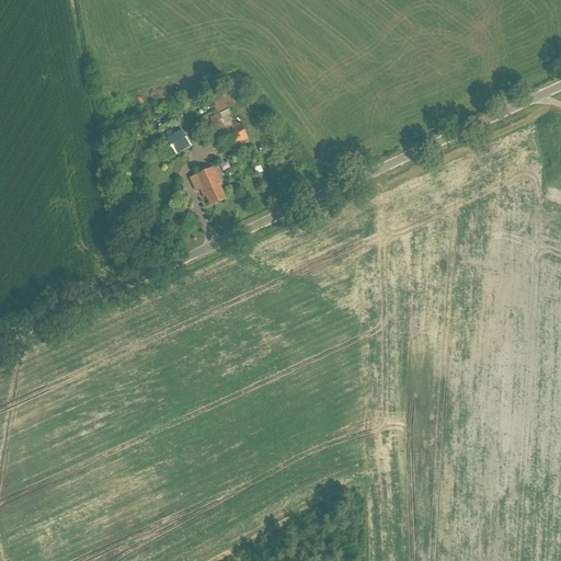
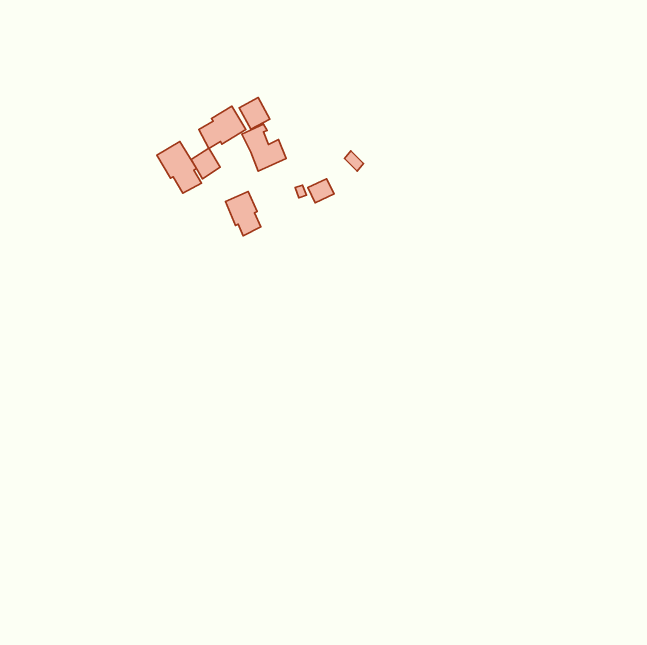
building: none -> [199,106,246,148]
building: none -> [157,141,202,193]

